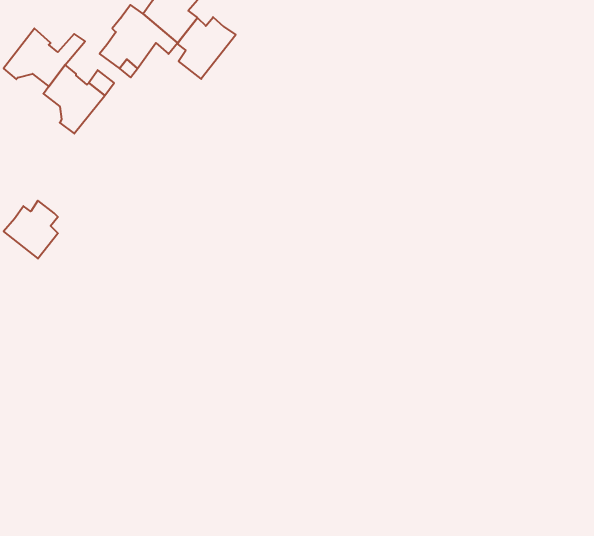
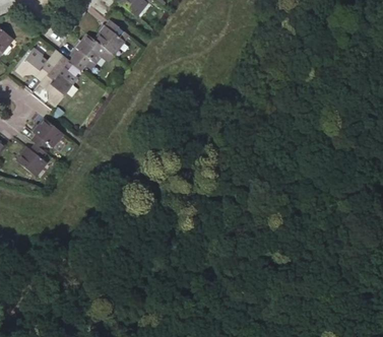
building: [177,17,236,79] -> none
building: none -> [30,119,63,151]

